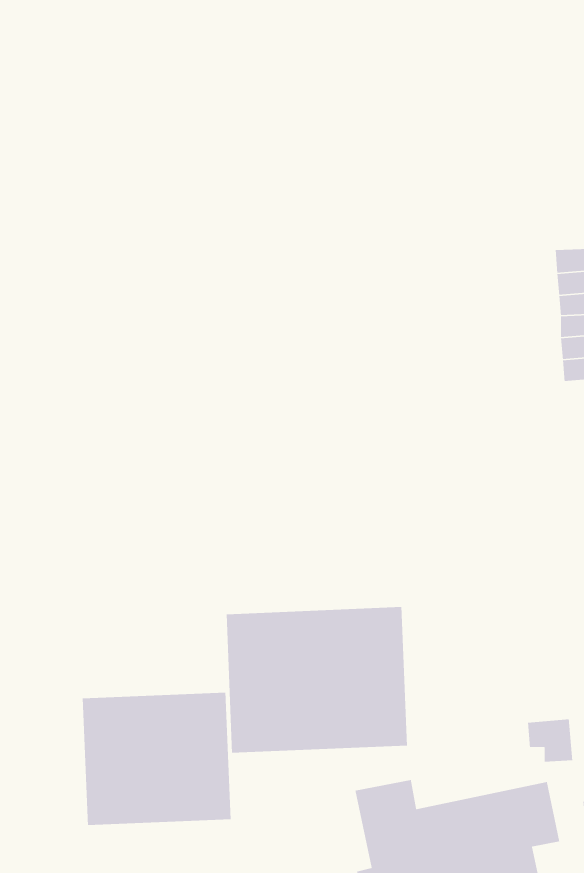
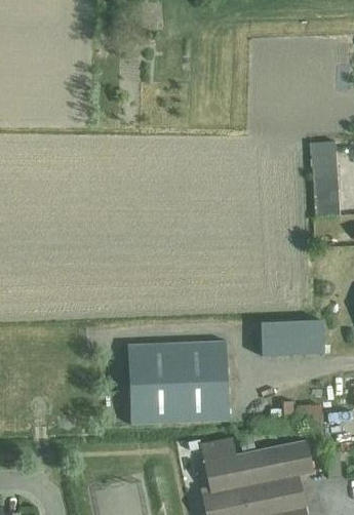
building: none -> [260,321,322,357]
building: [82,692,232,826] -> none

